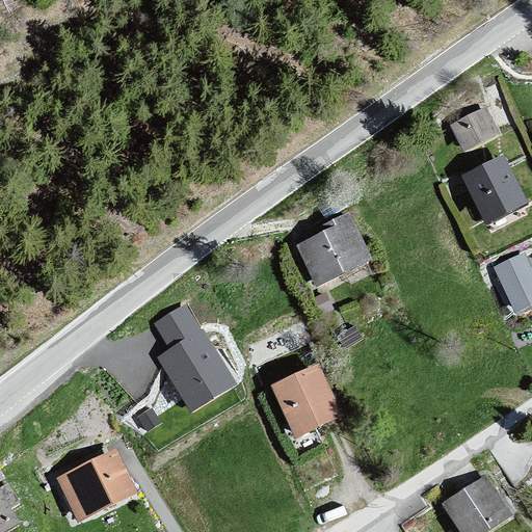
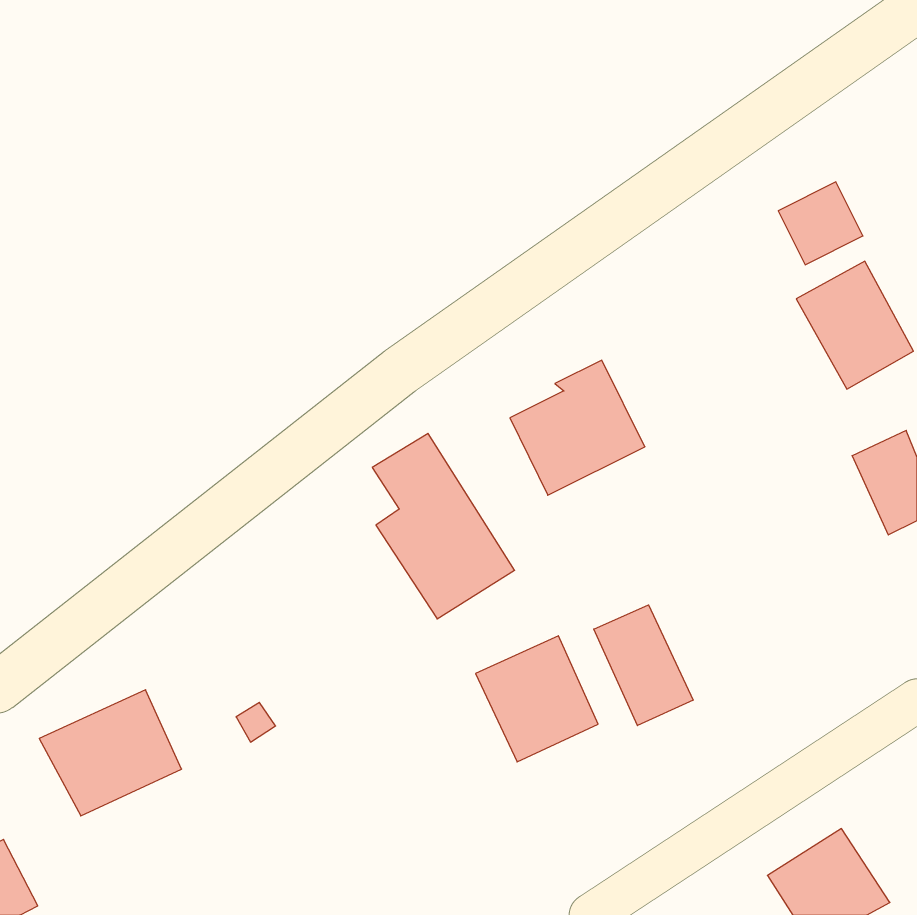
building: [152,301,234,408] -> [372,433,515,619]
building: none -> [594,605,693,726]
building: [55,450,137,523] -> [39,690,182,816]

